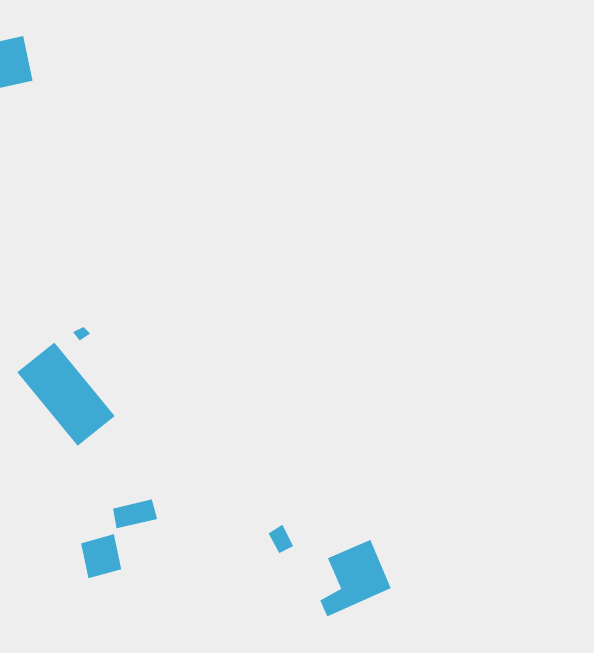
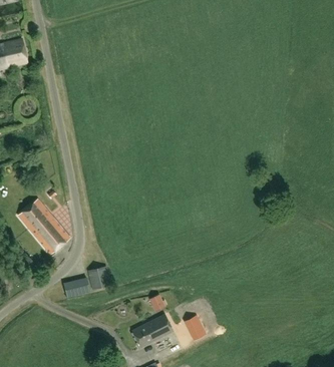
building: [80,533,122,579] -> [87,267,109,291]
building: none -> [131,315,172,348]

